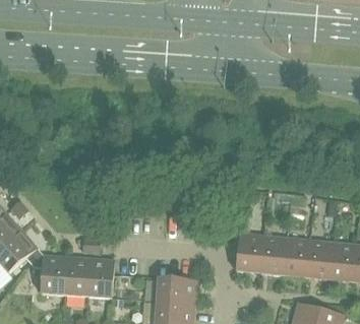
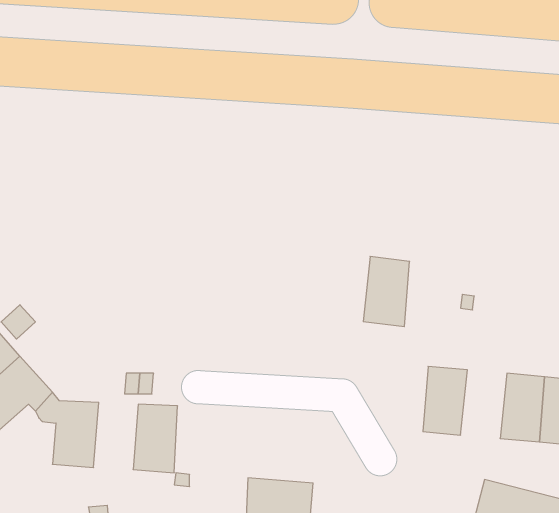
building: [235,233,262,274] -> [363,256,410,327]
building: [282,238,309,278] -> none
building: [64,257,91,297] -> none
building: [156,278,195,305] -> none

